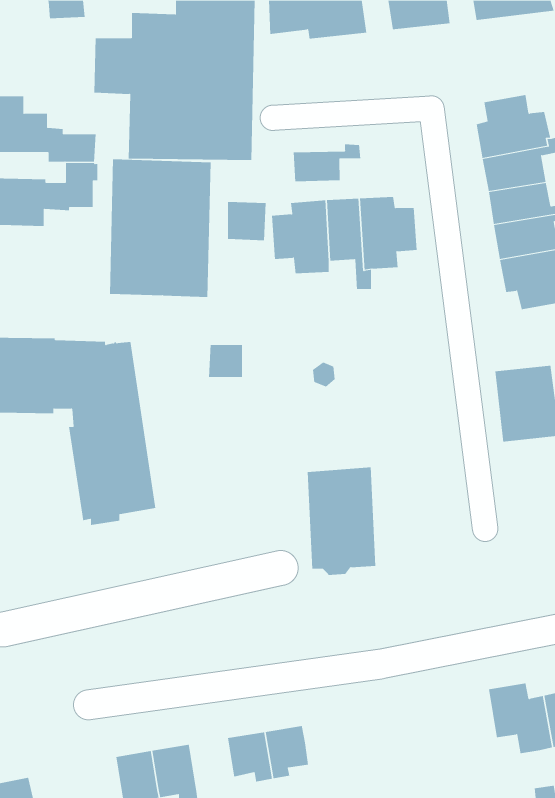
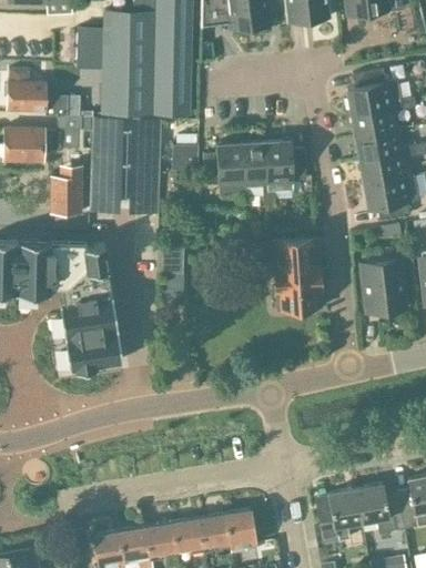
building: [293,144,361,182] -> none
building: none -> [50,179,84,216]
building: [307,467,376,576] -> [273,240,322,316]
building: none -> [315,489,362,545]
building: none -> [225,510,255,555]
building: none -> [145,524,176,561]

